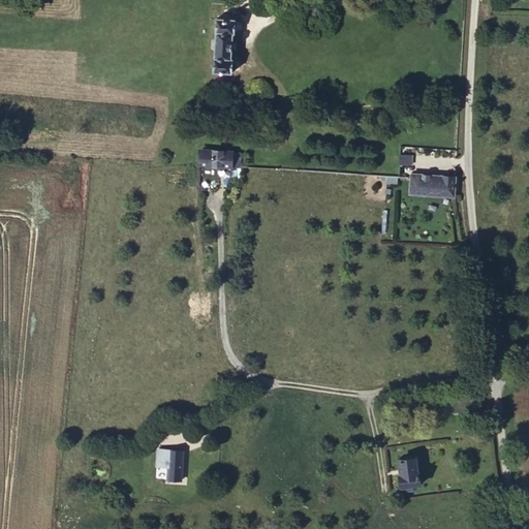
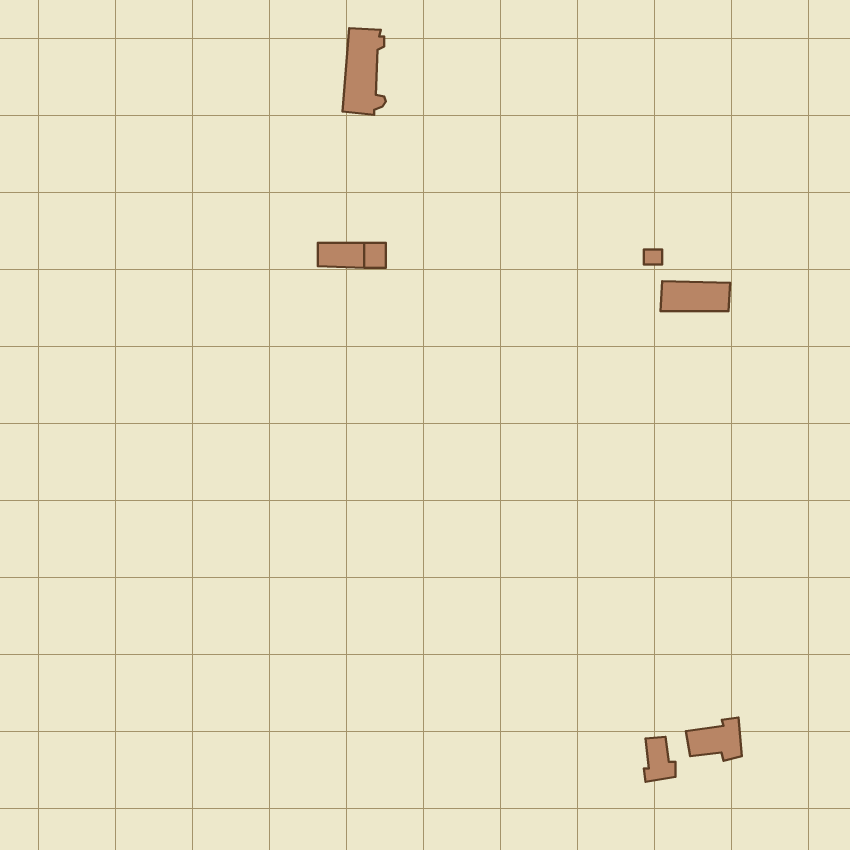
building: none -> [686,718,742,761]
building: [154,447,185,478] -> none

